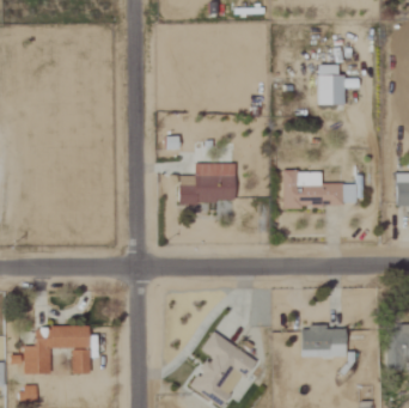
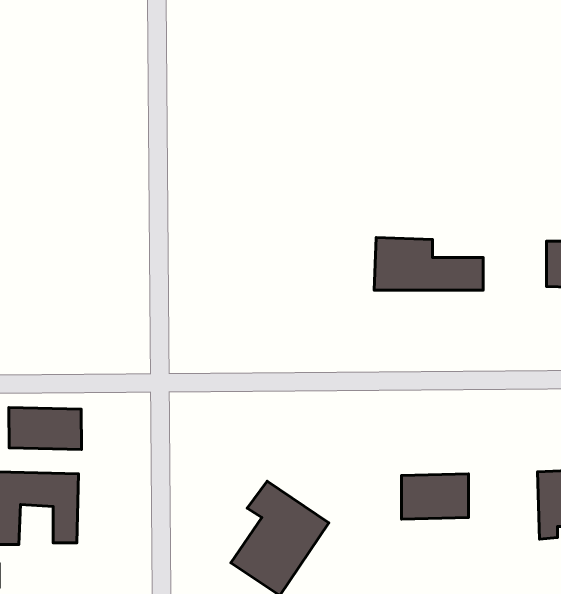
building: [318,65,343,105] -> none
building: [178,164,234,203] -> none
building: none -> [9,407,82,450]

